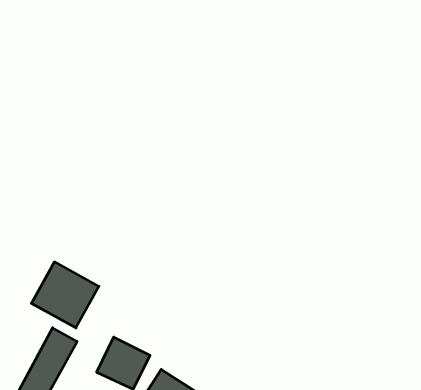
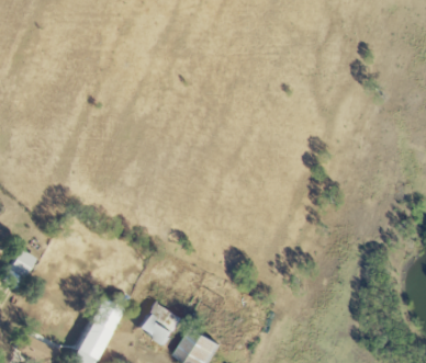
building: [31,262,99,328] -> none

